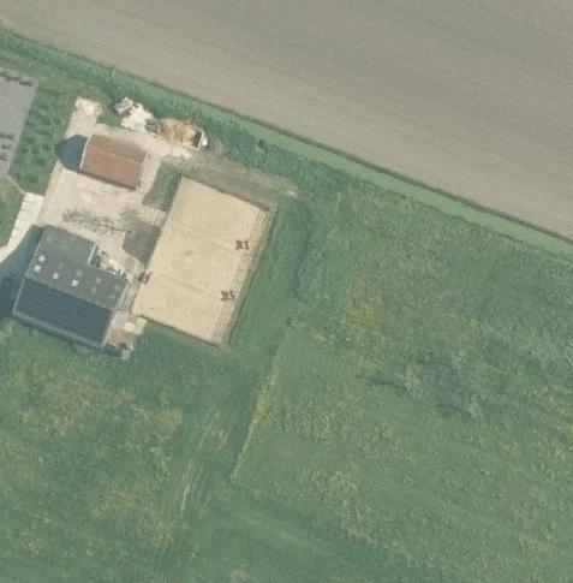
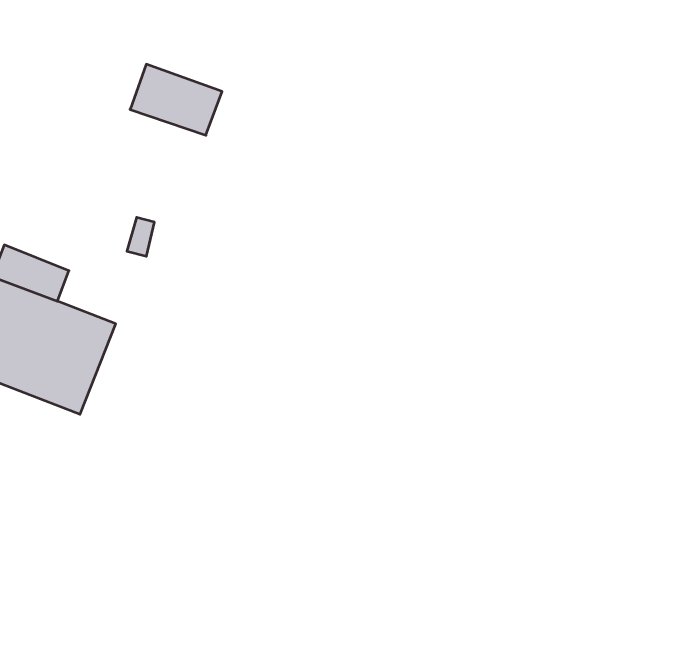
building: [77,131,145,184] -> [130,64,222,135]

